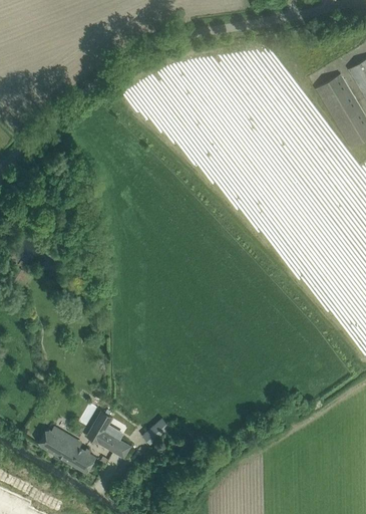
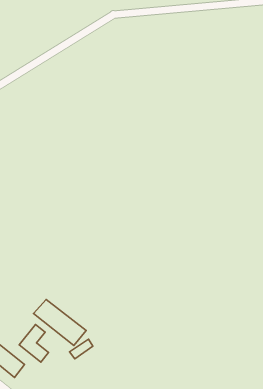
building: none -> [34,299,86,346]

